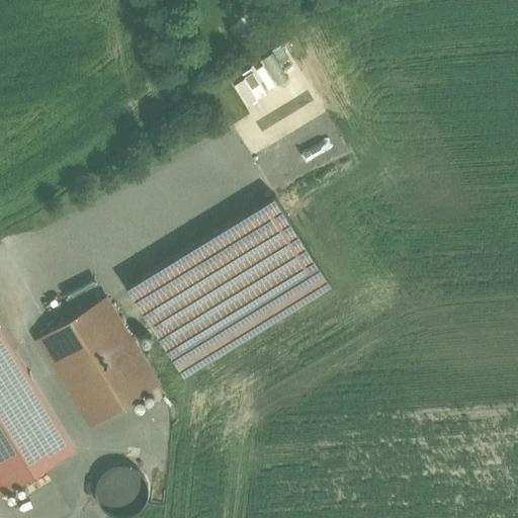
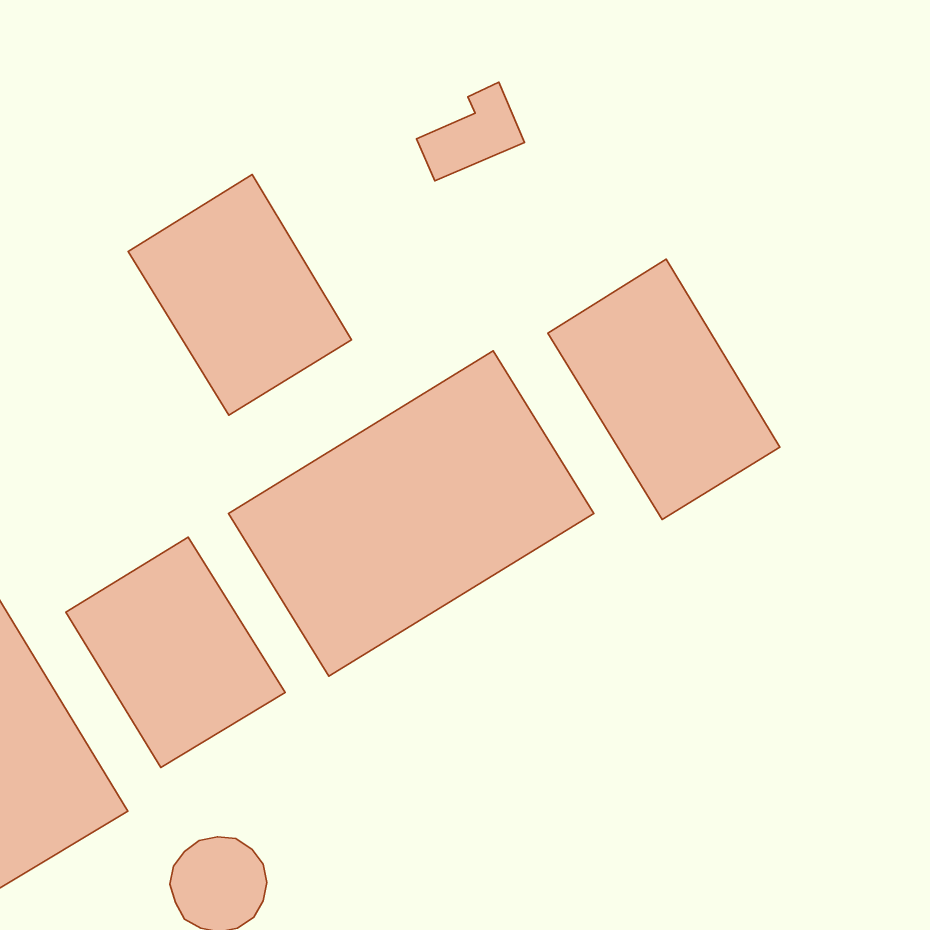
building: none -> [128,174,352,415]
building: none -> [548,259,780,519]

